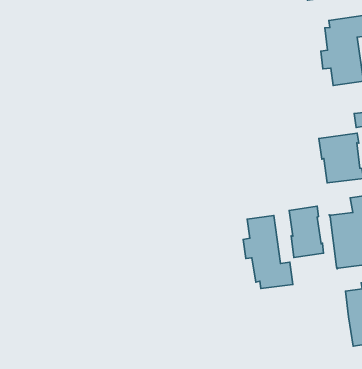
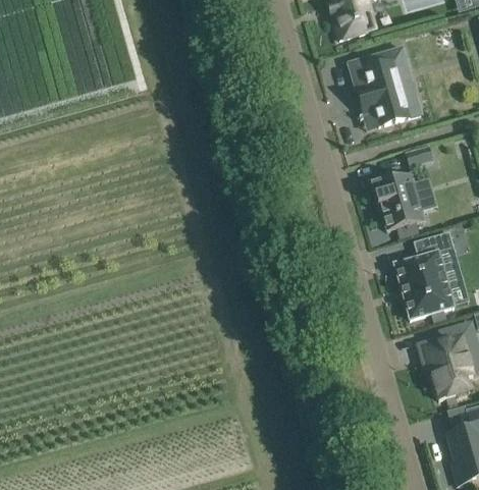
building: [289,206,324,257] -> none
building: [243,216,293,288] -> none

